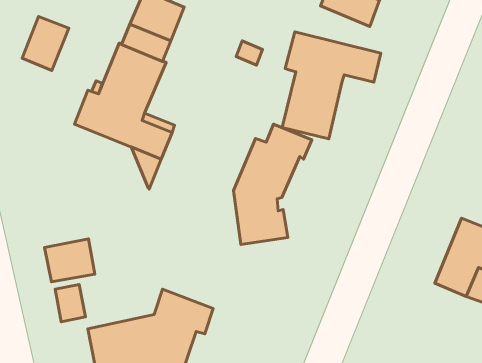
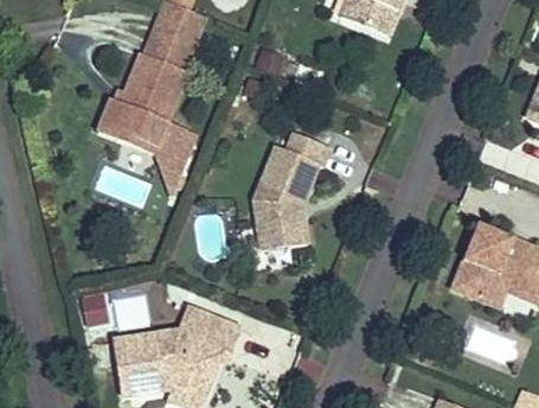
building: [22,17,69,71] -> none
building: [282,32,381,139] -> none
building: [45,239,95,282] -> none

